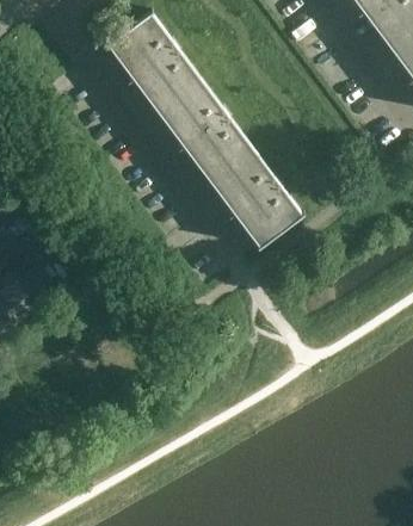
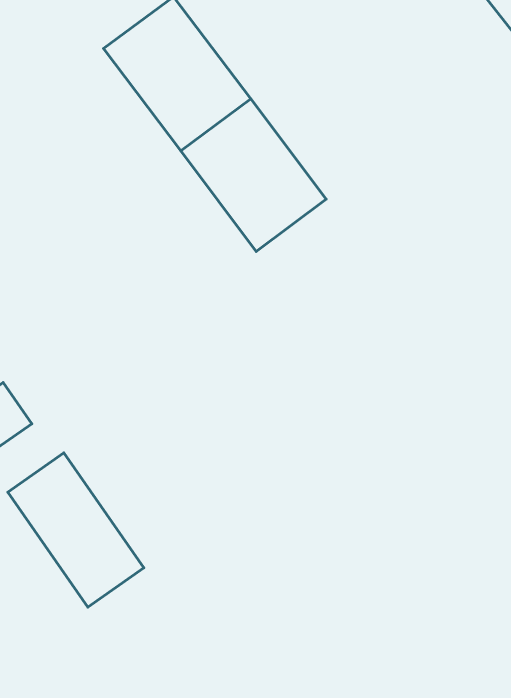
building: [207,144,304,247] -> none
building: none -> [8,453,144,607]

